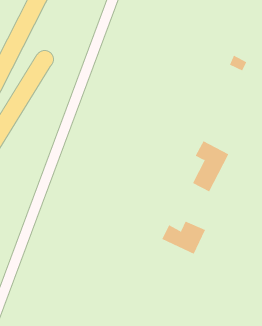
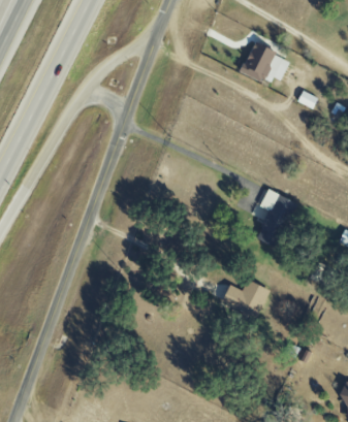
building: none -> [242,43,291,85]

